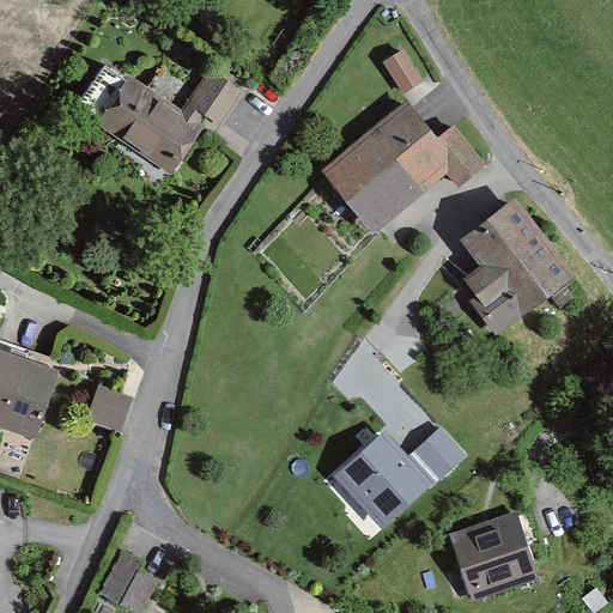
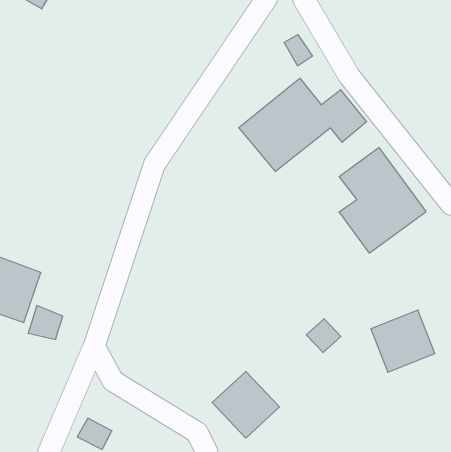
building: [101,68,249,170] -> none
building: [84,380,131,425] -> [28,306,63,339]
building: [335,432,426,522] -> [212,371,280,438]
building: [450,511,536,595] -> [371,310,435,372]

